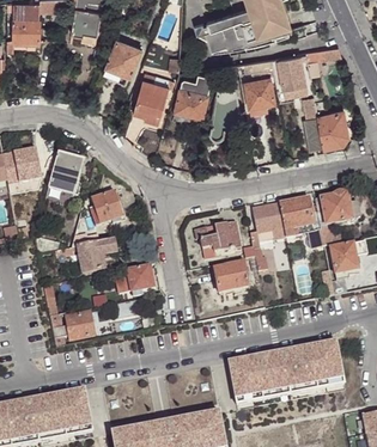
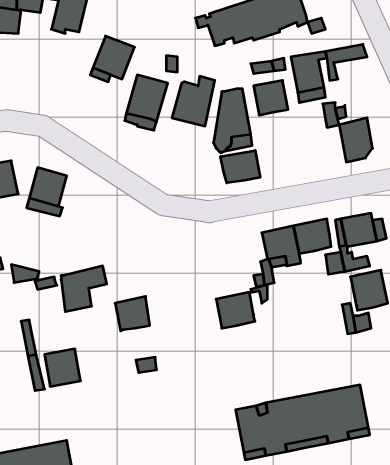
building: none -> [221,150,260,183]
building: [89,183,121,216] -> none
building: [196,220,238,256] -> none

